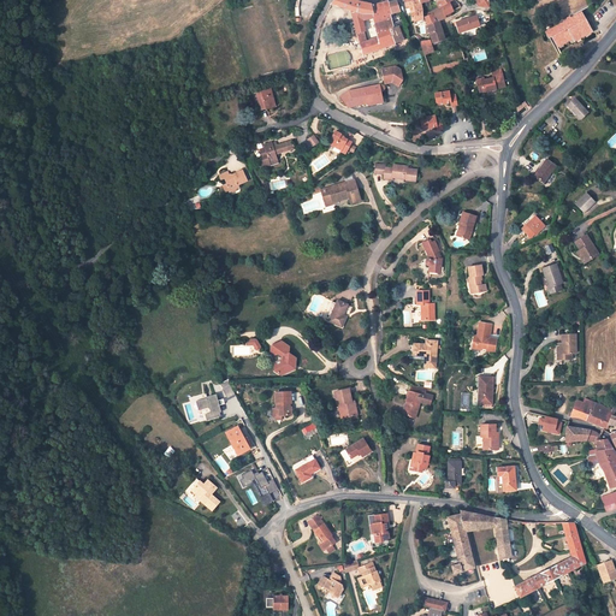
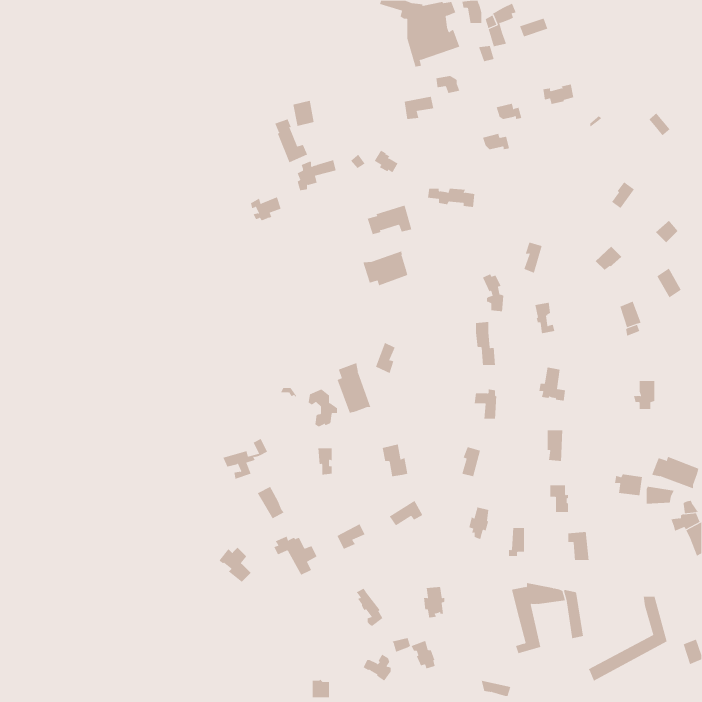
building: [546,13,591,47] -> none
building: none -> [275,119,308,163]
building: none -> [363,251,408,286]
building: none -> [337,362,371,413]

